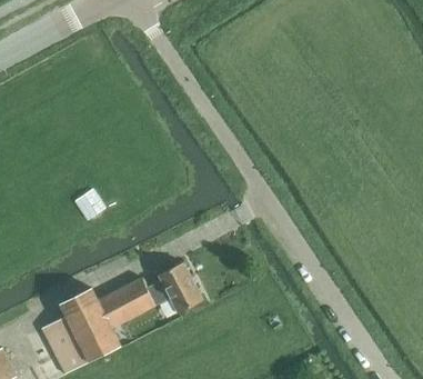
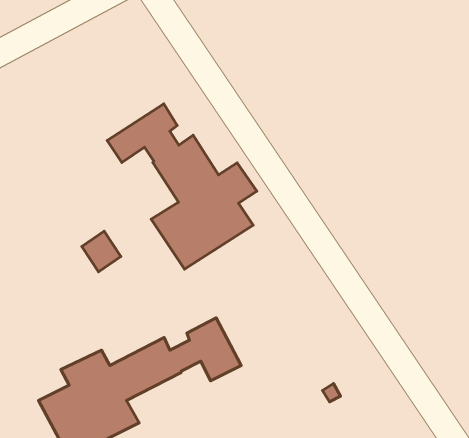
building: none -> [107,104,257,269]

